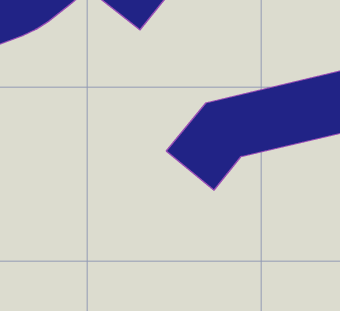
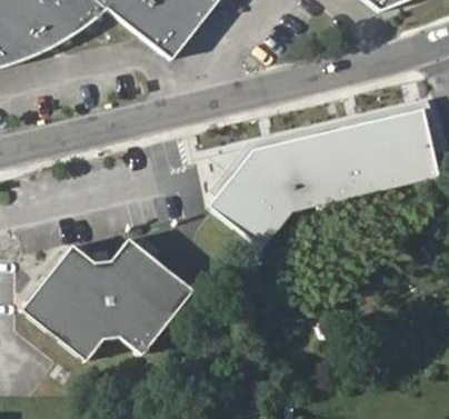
building: none -> [24,239,192,362]

